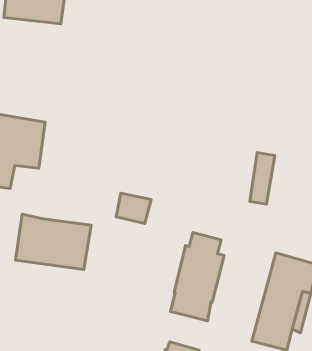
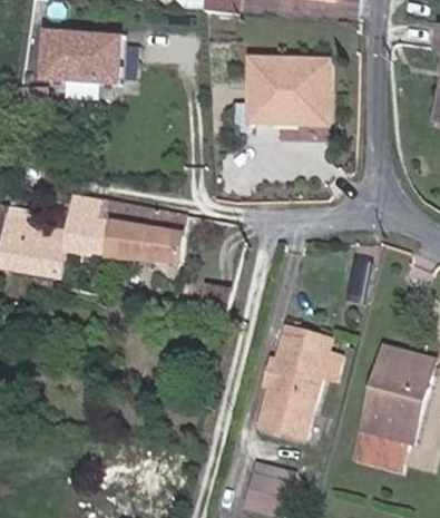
building: none -> [254,68,333,133]
building: [16,214,91,269] -> [92,198,184,265]

